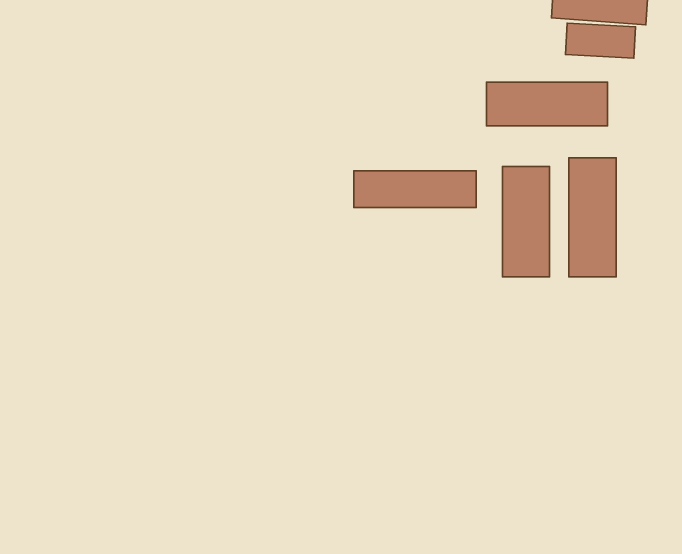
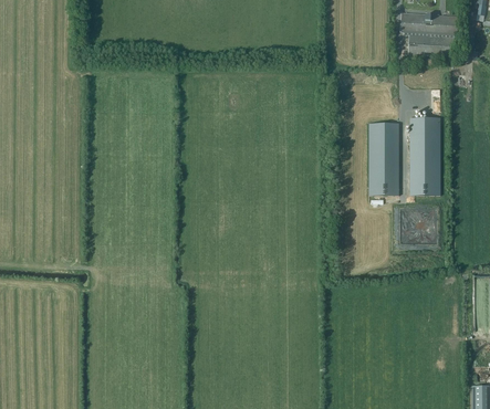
building: [486,82,608,126] -> none
building: [354,171,476,208] -> none

